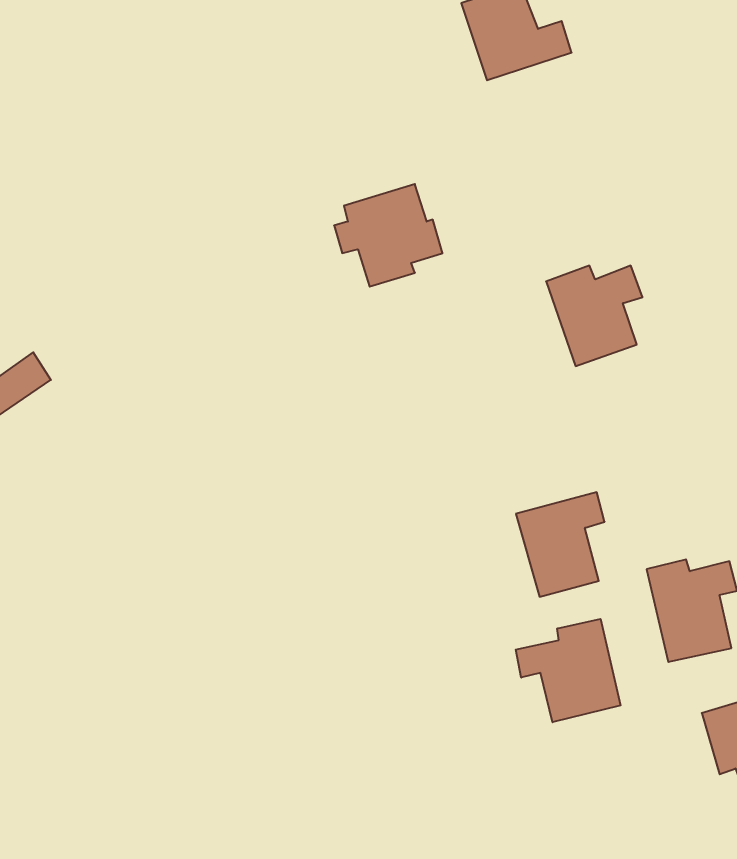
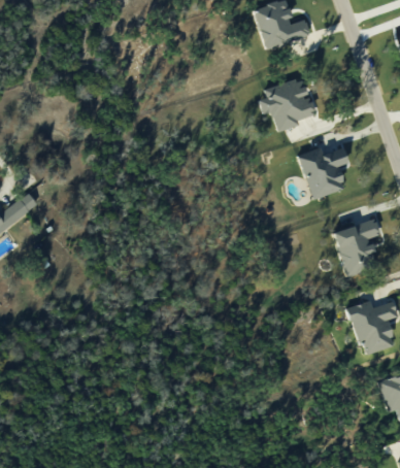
building: [334,184,443,287] -> [260,78,316,132]
building: [516,492,605,597] -> [334,220,380,274]
building: [516,619,621,722] -> none

